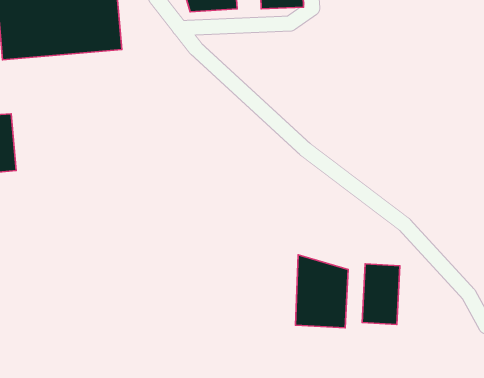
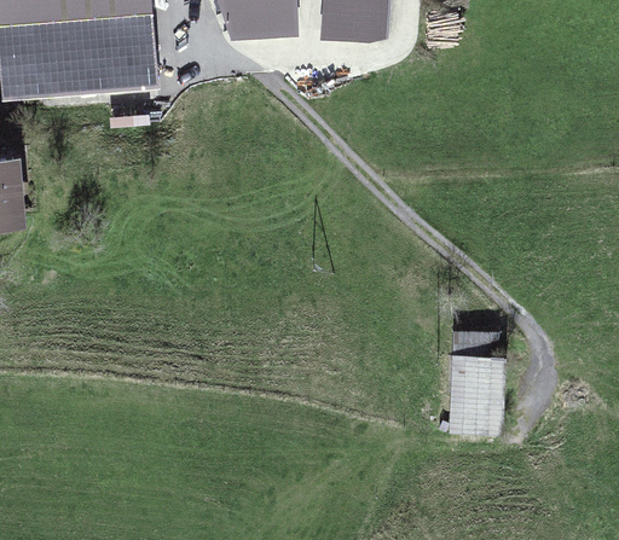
building: [295,255,348,328] -> none

